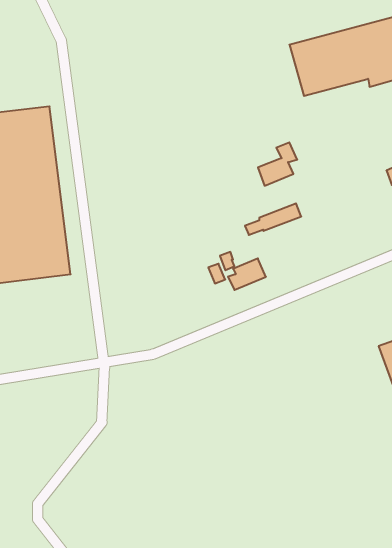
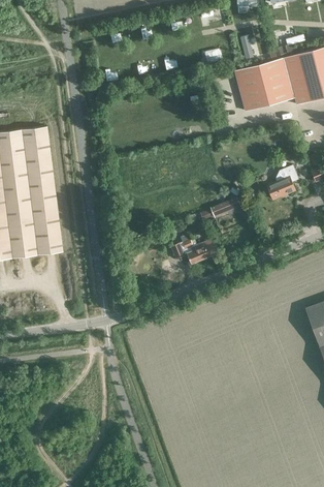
building: [258,142,297,186] -> [267,165,298,200]

